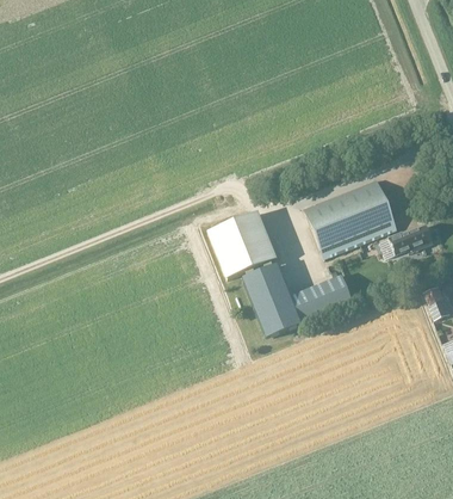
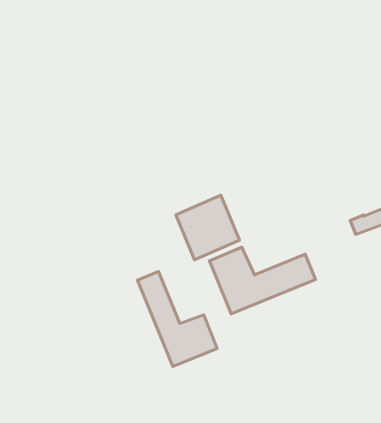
building: [305,178,398,257] -> none
building: none -> [137,271,217,367]

